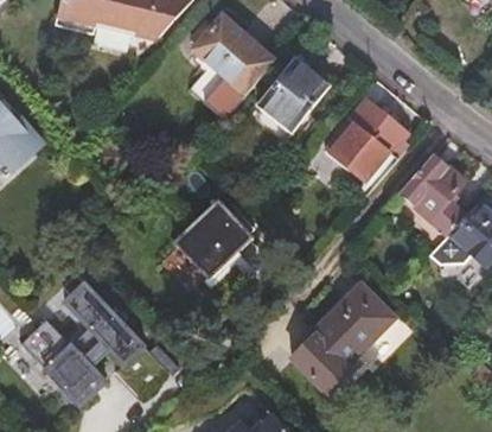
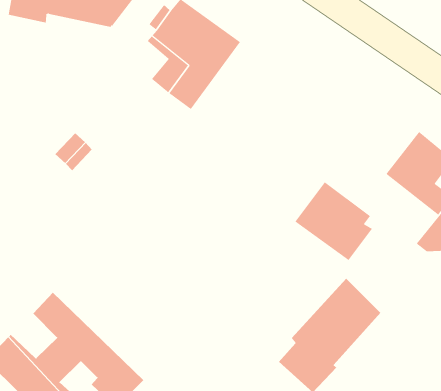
building: [261,62,325,131] -> none
building: [336,101,408,176] -> [295,182,373,261]
building: [178,204,251,278] -> none

